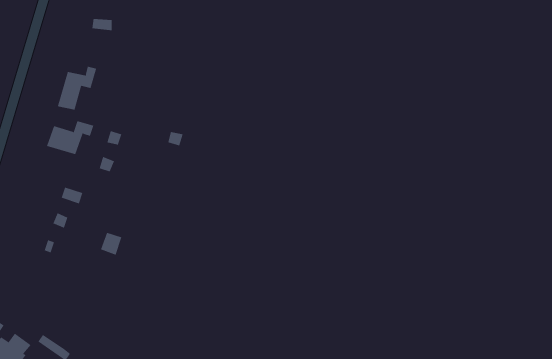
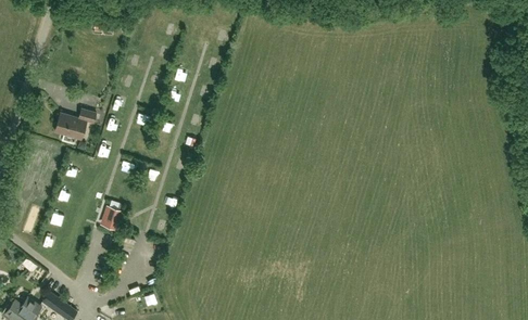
building: [57,66,97,110] -> none

